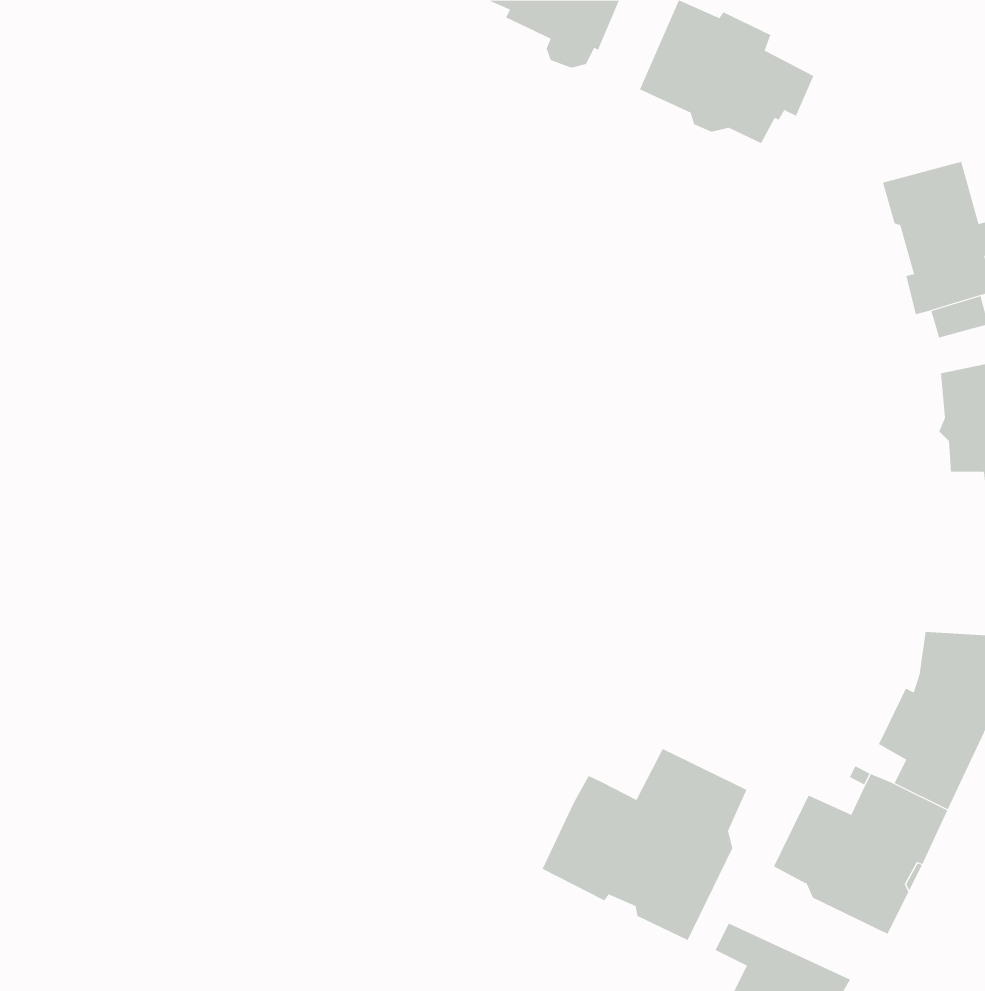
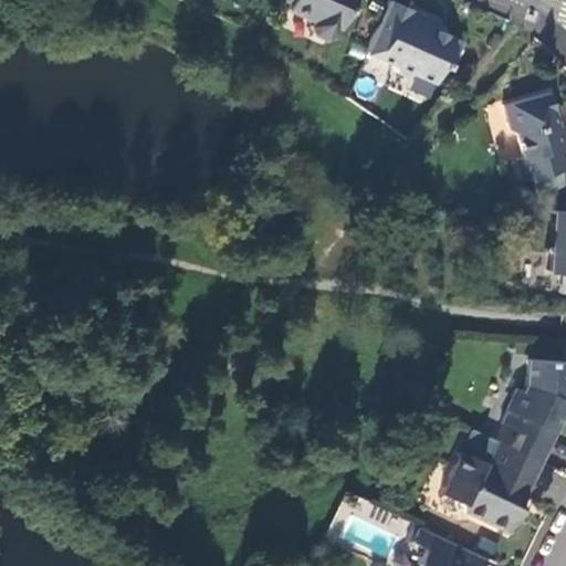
building: [542,748,747,941] -> none

